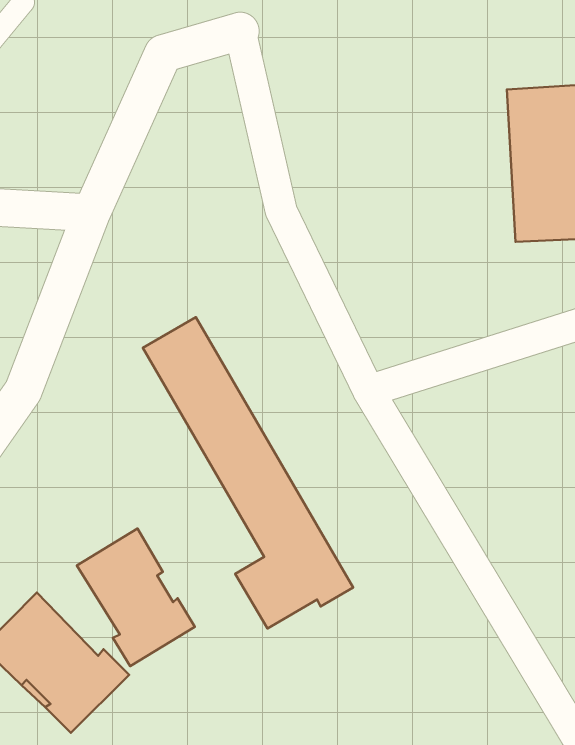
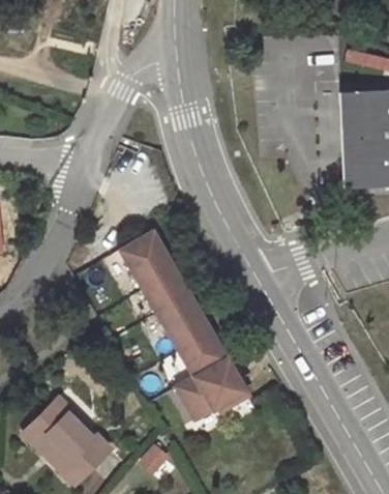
building: [77,529,195,666] -> none

